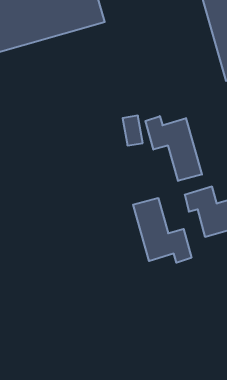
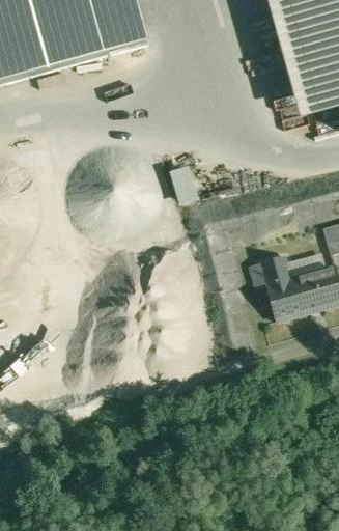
building: [145,116,202,181] -> none
building: [133,198,191,263] -> none

